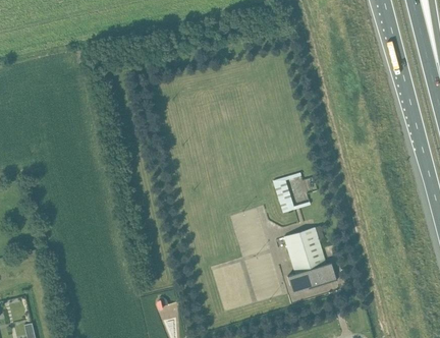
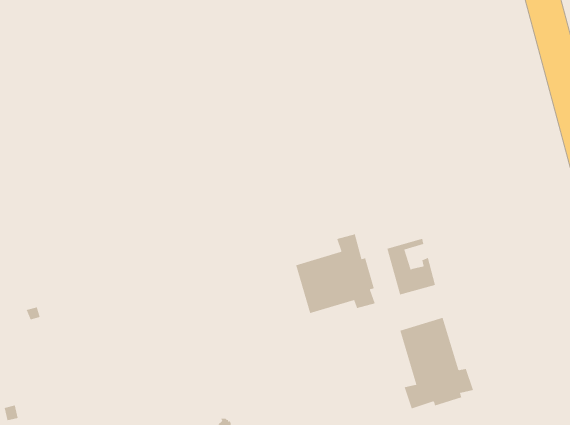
building: none -> [295,234,376,314]

